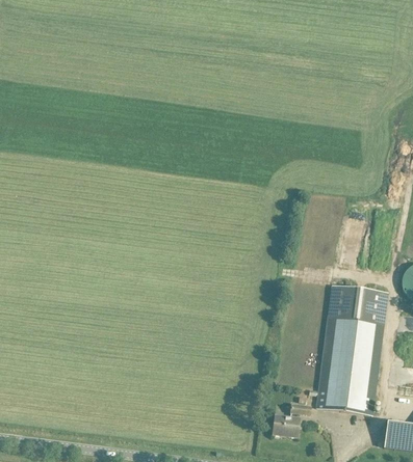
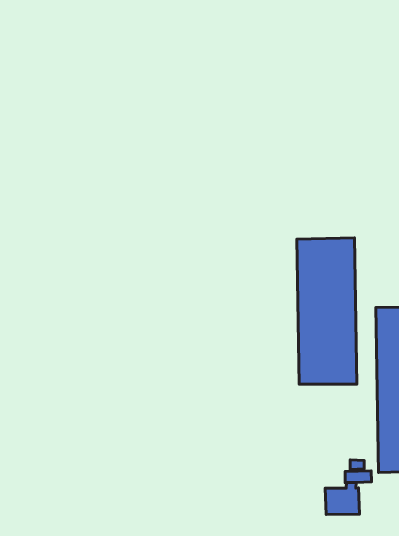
building: none -> [297,238,357,384]

